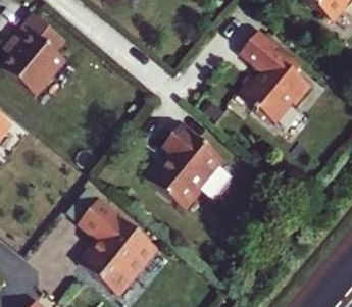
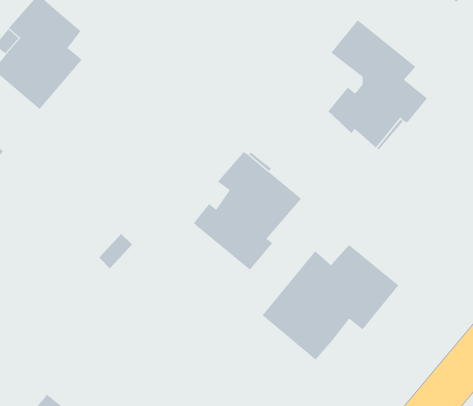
building: none -> [262,244,399,360]
building: [78,201,155,294] -> none

